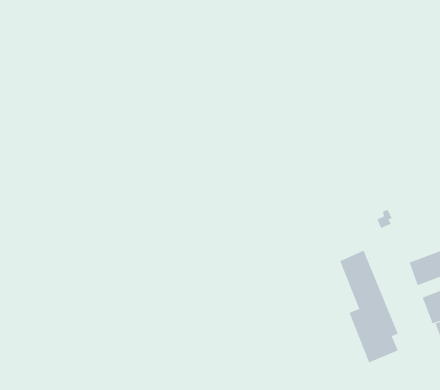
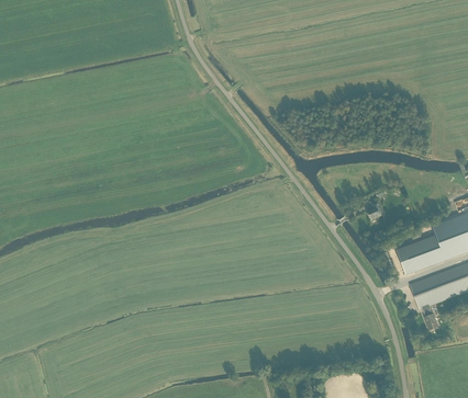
building: [340,250,399,363] -> none

